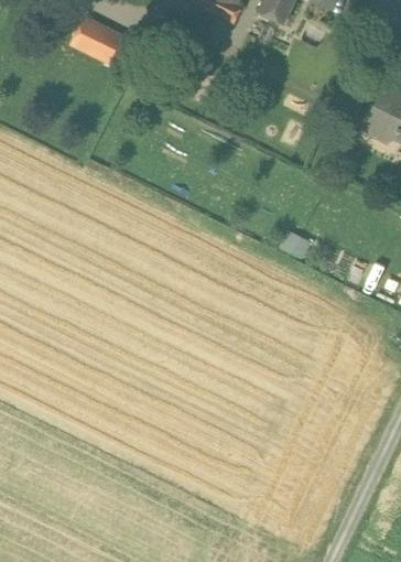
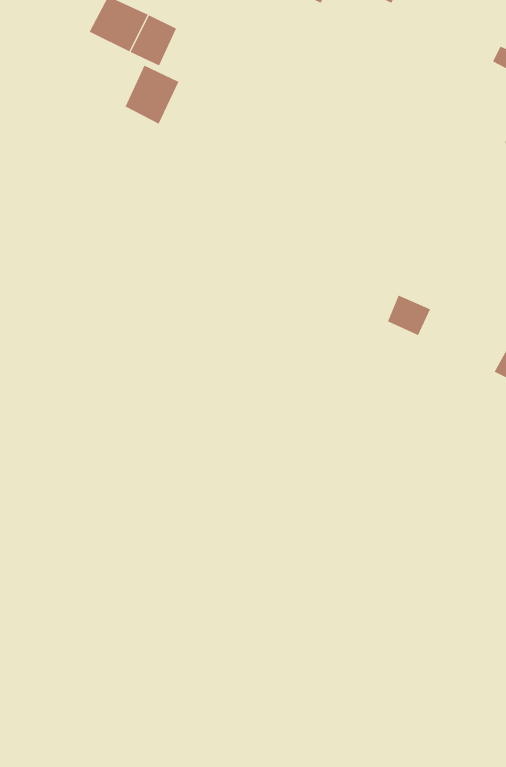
building: none -> [125,65,179,125]

